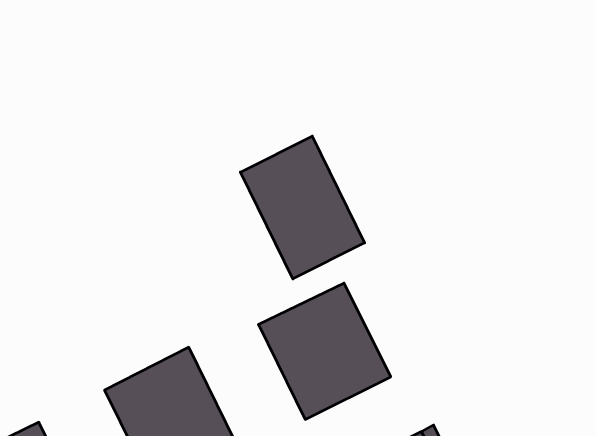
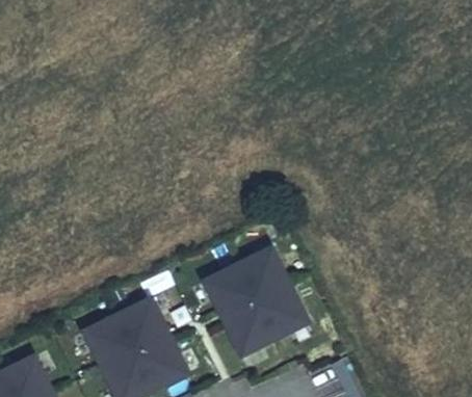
building: [240,136,365,279] -> none

